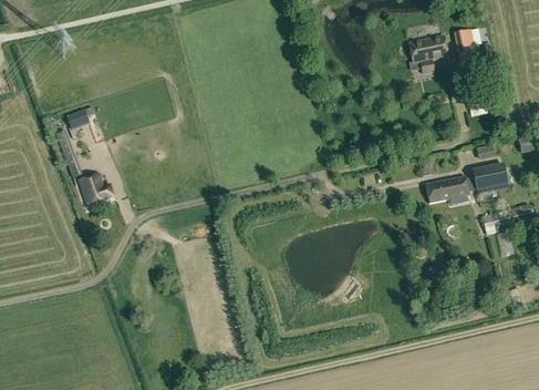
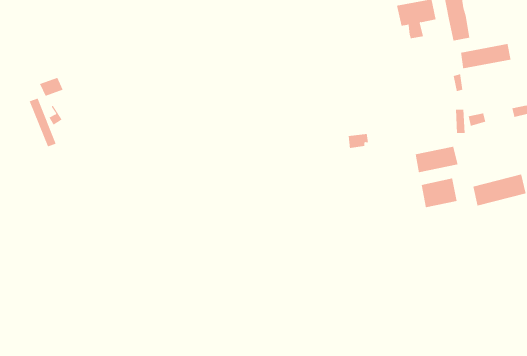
building: none -> [461,43,511,69]
building: [471,164,507,193] -> [421,178,458,208]
building: [77,173,112,203] -> none

